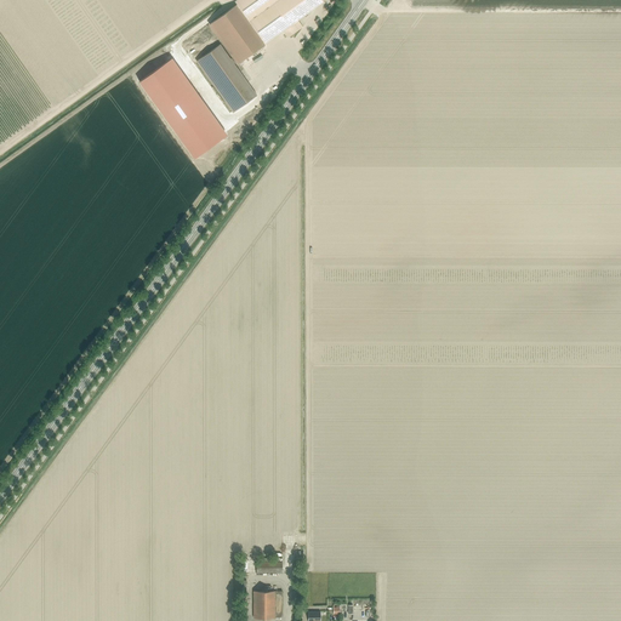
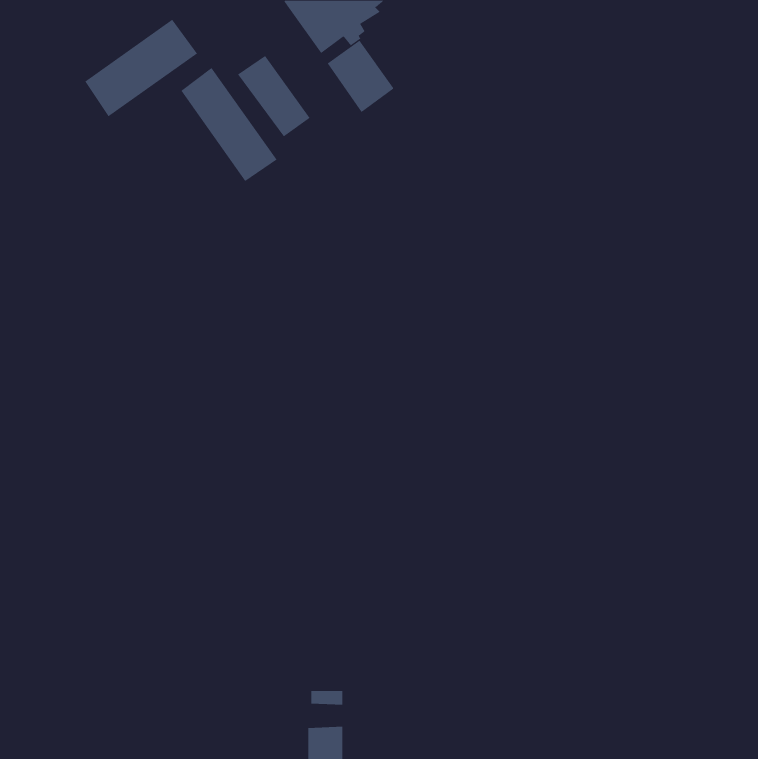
building: [206,7,261,67] -> [327,40,394,113]
building: none -> [84,19,198,117]

